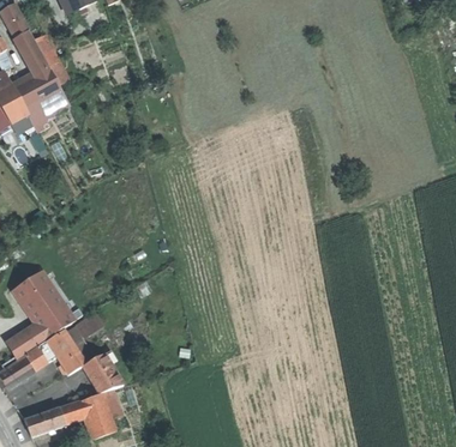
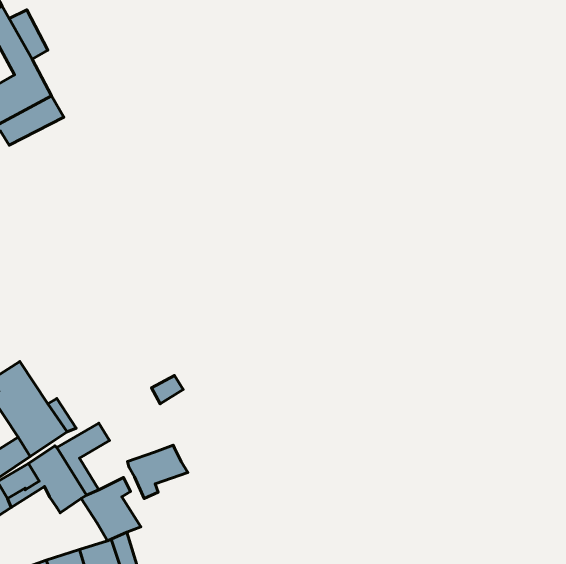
building: none -> [127,445,188,498]

